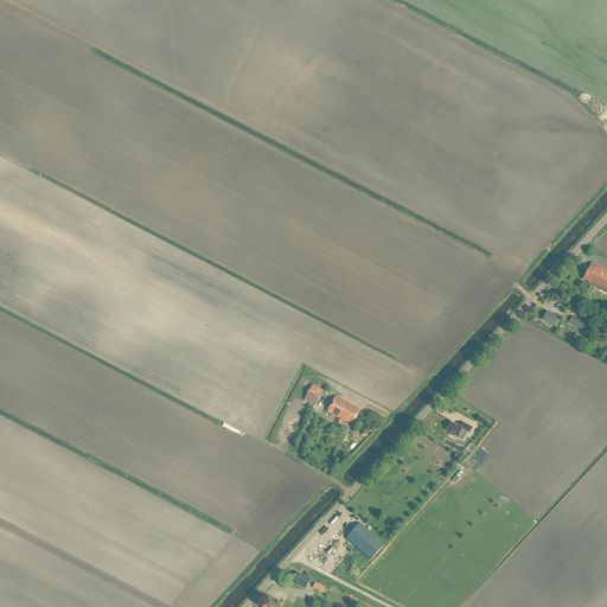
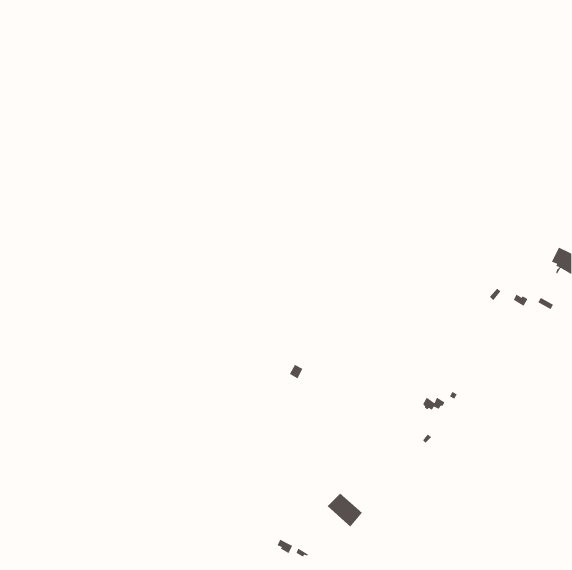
building: [327,394,360,422] -> none

